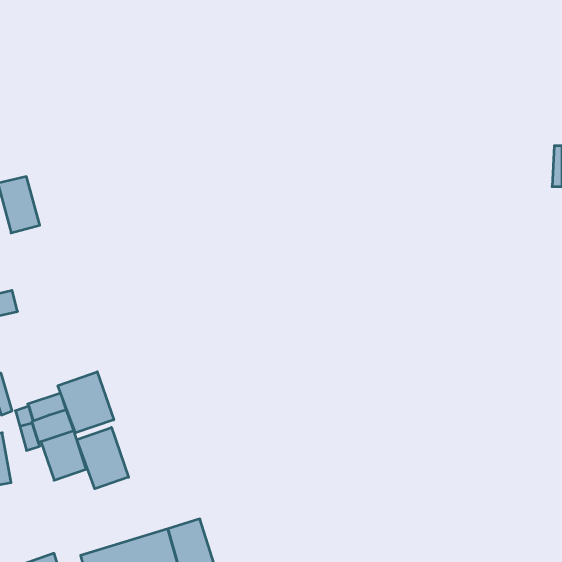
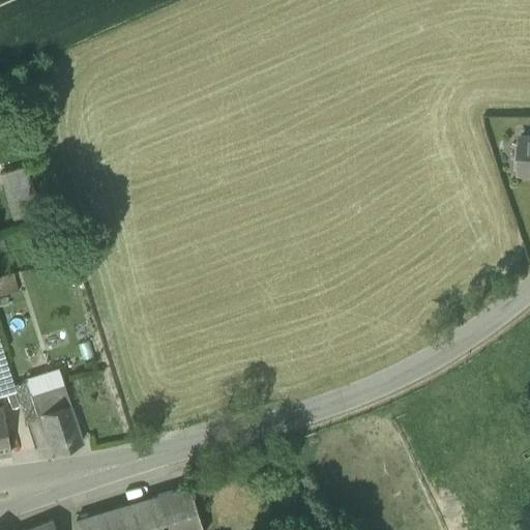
building: [58,372,114,433] -> none
building: [77,427,129,489] -> none

